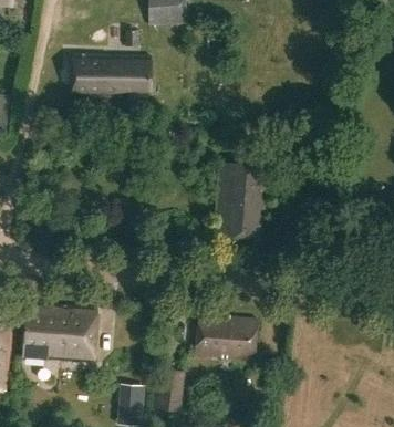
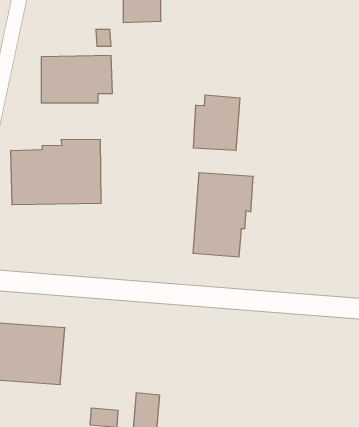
building: none -> [194,95,240,151]
building: none -> [11,139,101,205]
building: [188,315,255,361] -> none

